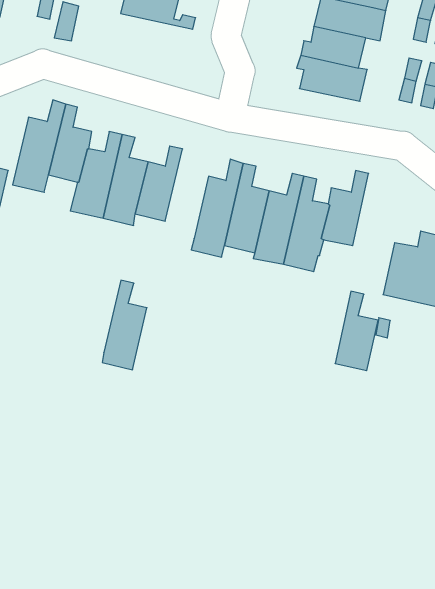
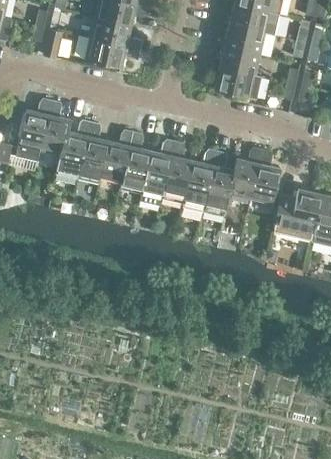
building: none -> [85,37,140,67]
building: [102,280,147,370] -> [120,131,151,193]
building: [335,291,378,371] -> [251,148,281,203]

